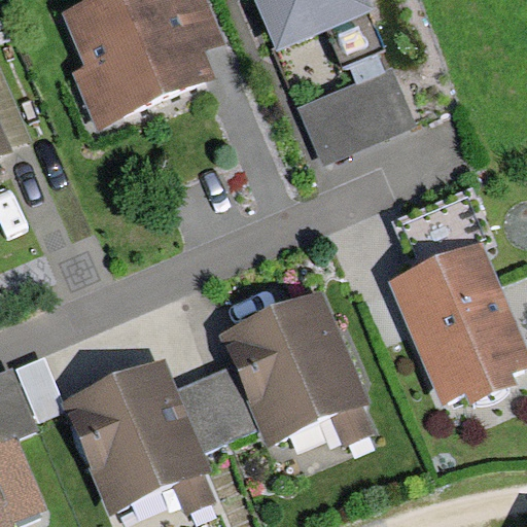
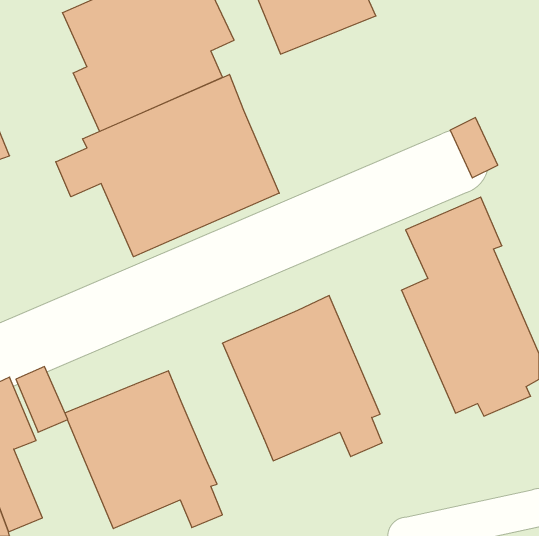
building: [296,65,417,166] -> none
building: none -> [56,74,279,257]
building: [176,366,256,450] -> none

